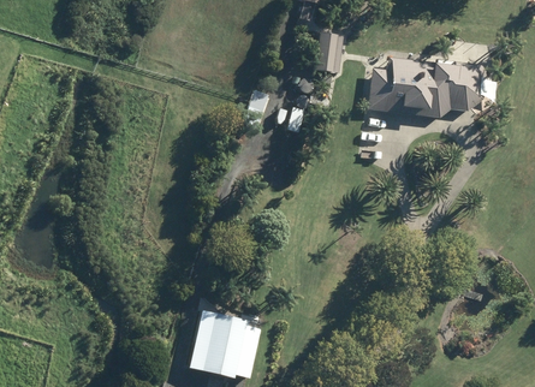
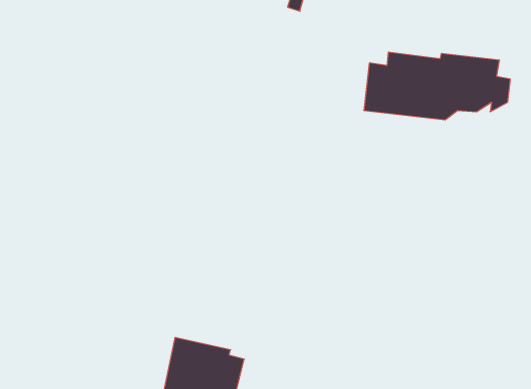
building: [314,31,343,72] -> none

